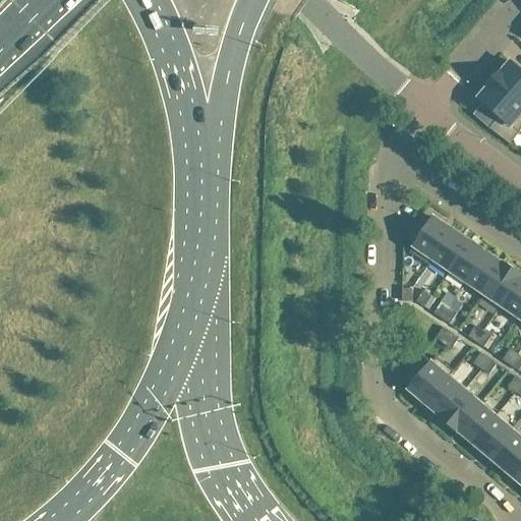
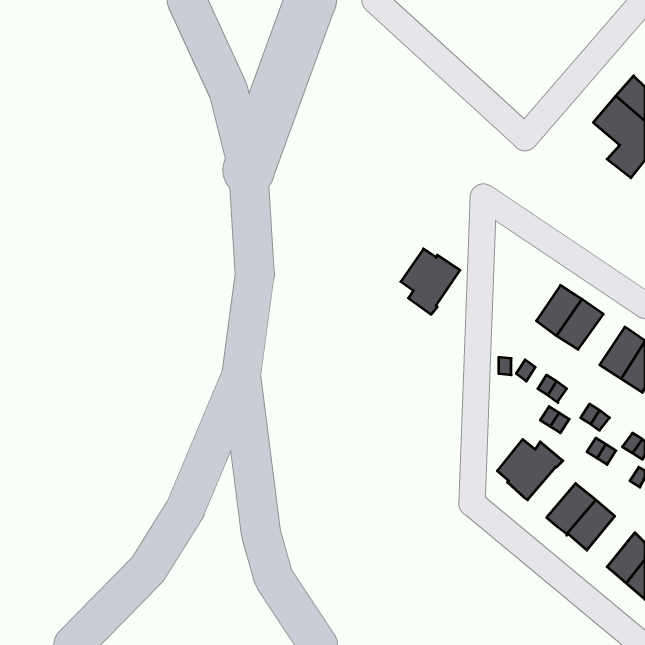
building: [404,213,452,266] -> [401,249,460,314]
building: [466,253,504,294] -> none
building: [425,377,464,417] -> none
building: [473,416,512,457] -> none

